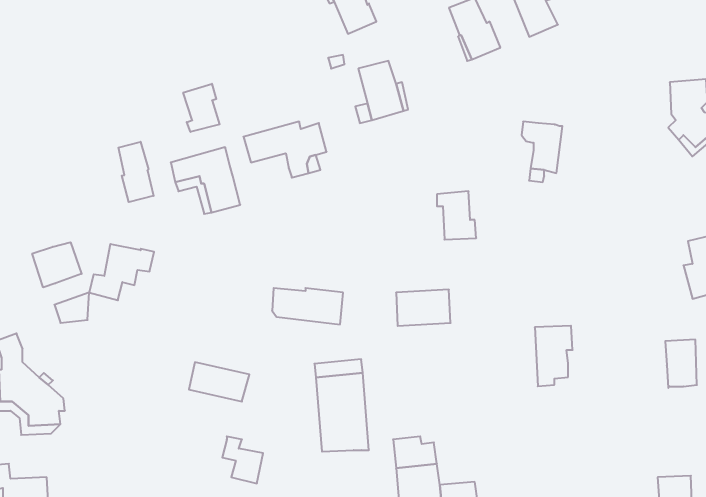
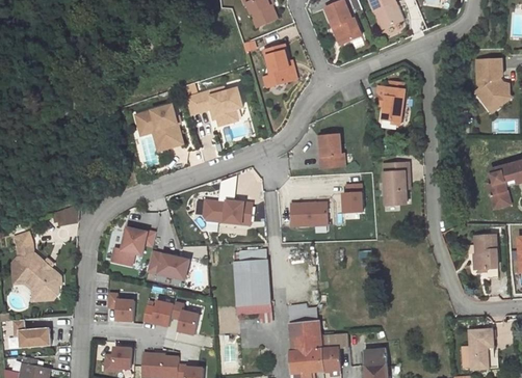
building: [183,84,220,132] -> none
building: [118,142,154,202] -> none
building: [32,242,82,287] -> none
building: [89,244,154,300] -> [110,226,155,265]
building: none -> [342,184,362,213]
building: [535,326,573,386] -> [383,163,409,205]
building: none -> [107,293,133,321]
building: none -> [141,300,173,326]

